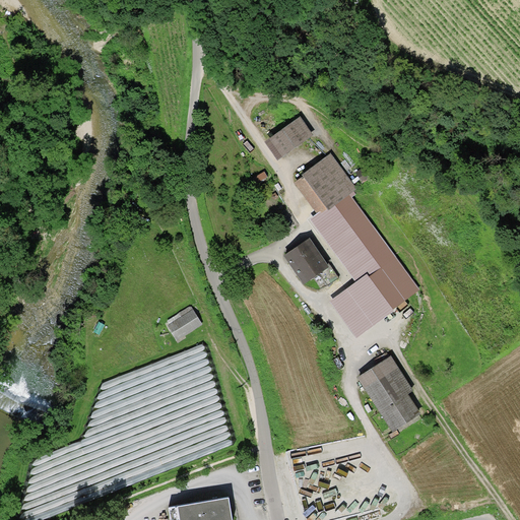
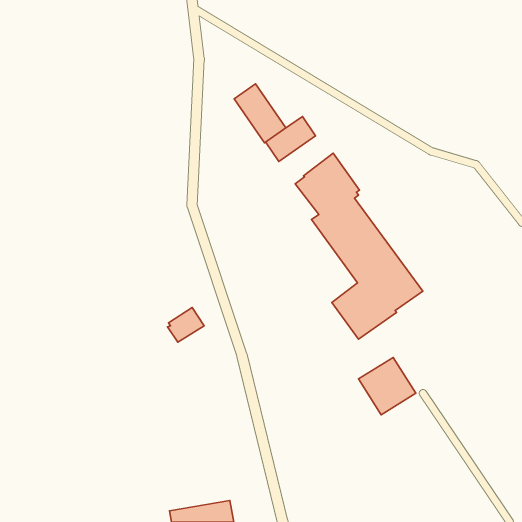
building: none -> [234,84,286,143]
building: [284,238,329,284] -> none
building: [379,394,420,432] -> none

